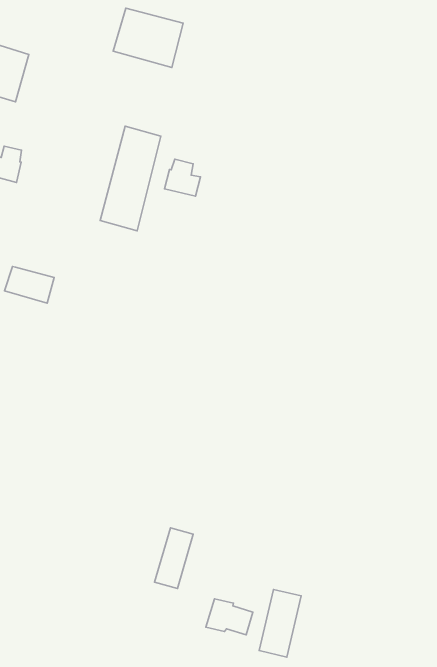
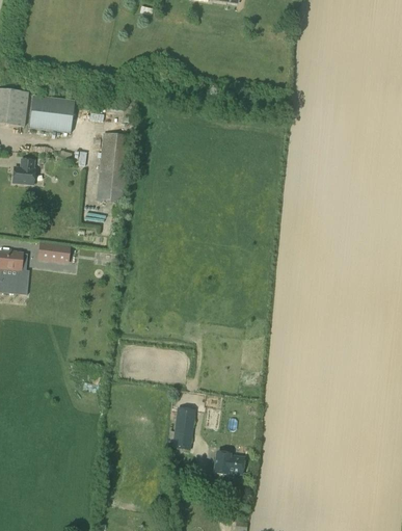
building: [113,8,183,68] -> [28,96,74,132]
building: [164,159,200,196] -> none
building: [259,589,301,657] -> none

